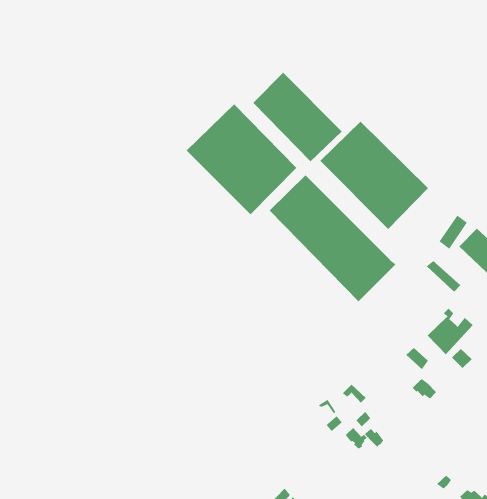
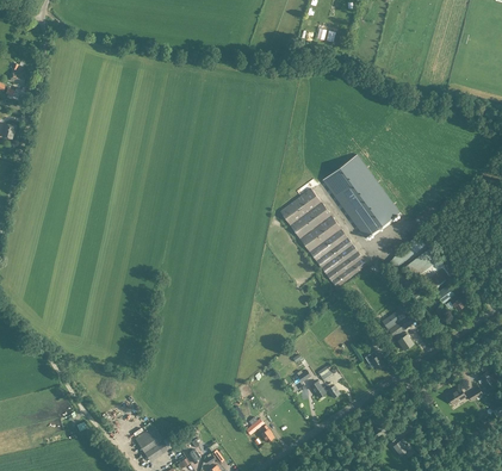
building: [253,72,343,162] -> none
building: [186,103,297,215] -> none

